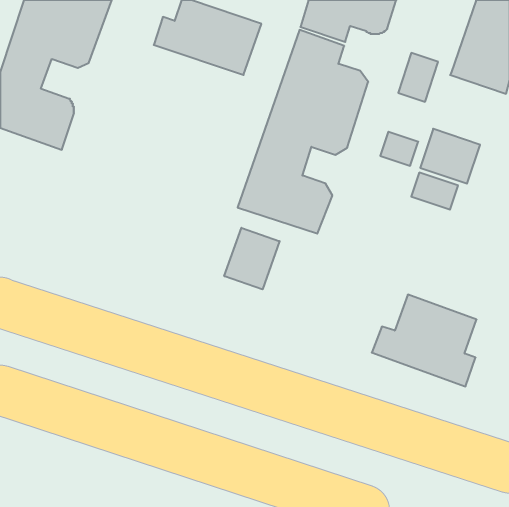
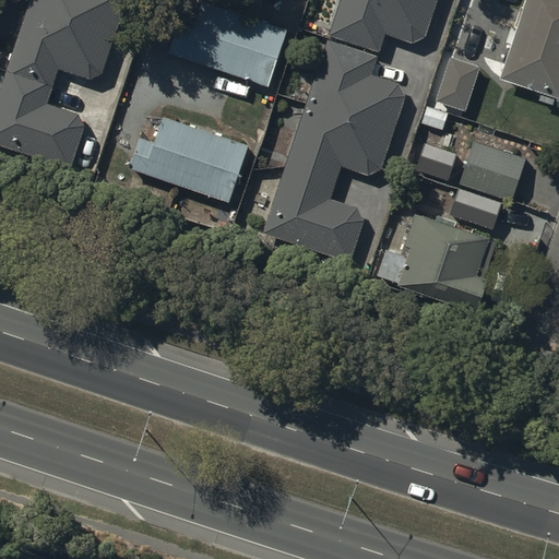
building: none -> [129,115,247,202]
building: [224,228,280,289] -> none
building: [372,295,477,386] -> [377,209,491,309]

